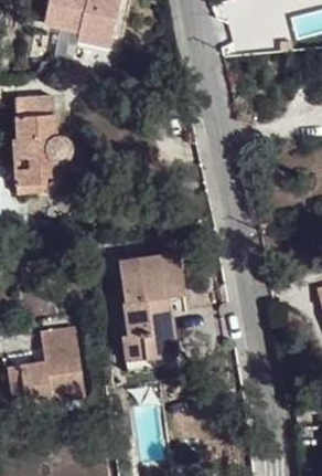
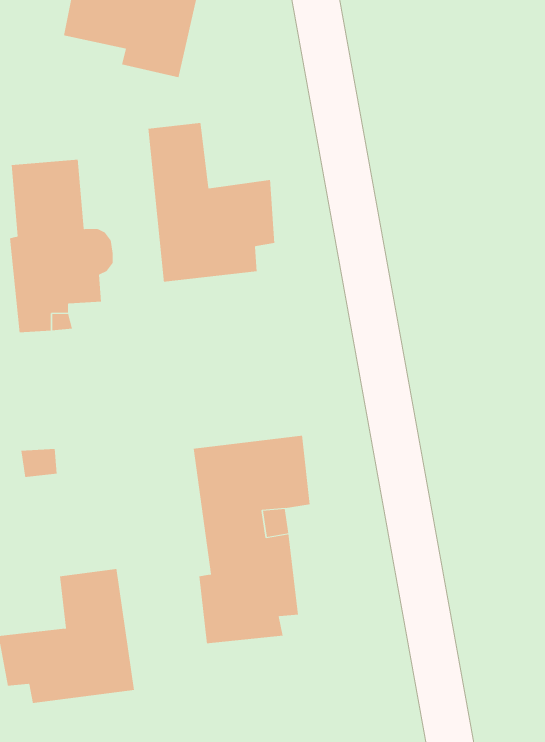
building: none -> [148,122,275,283]

